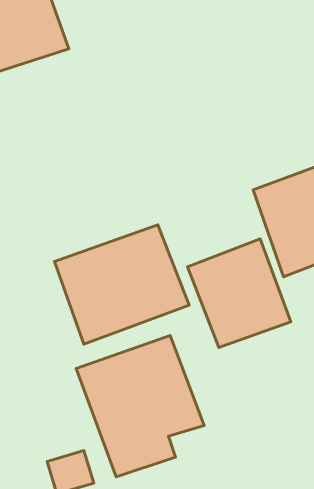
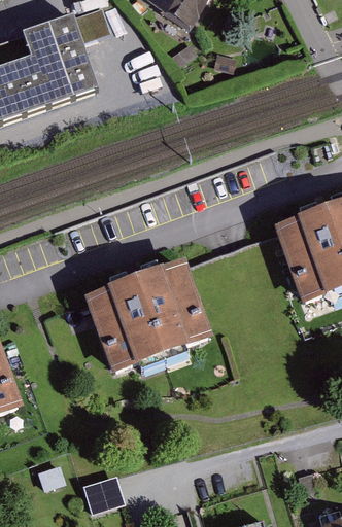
building: [188,239,291,347] -> none
building: [76,335,204,477] -> none

